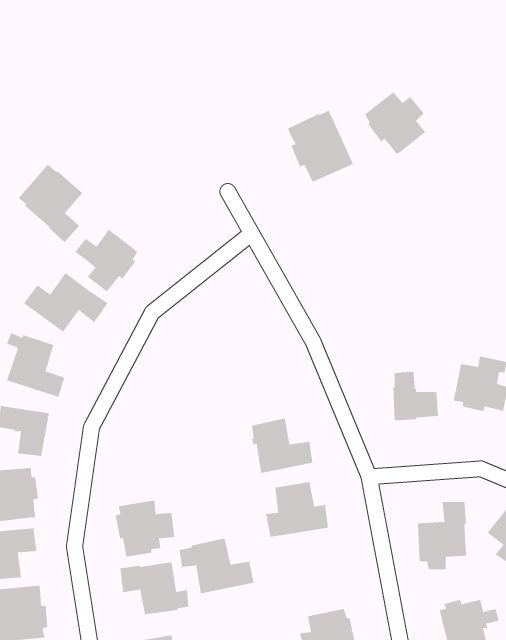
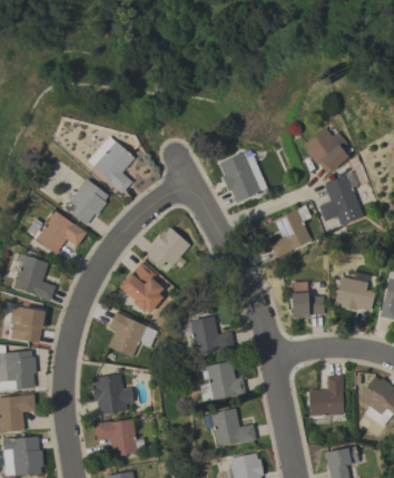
building: [364,91,426,155] -> [304,127,348,173]
building: [287,110,354,183] -> [219,149,267,202]
building: [18,164,83,243] -> [88,136,135,193]
building: none -> [318,170,363,224]
building: none -> [269,204,312,258]
building: none -> [146,227,190,267]
building: none -> [119,261,164,312]
building: none -> [109,311,146,357]
building: [179,538,255,594] -> [201,407,256,447]

